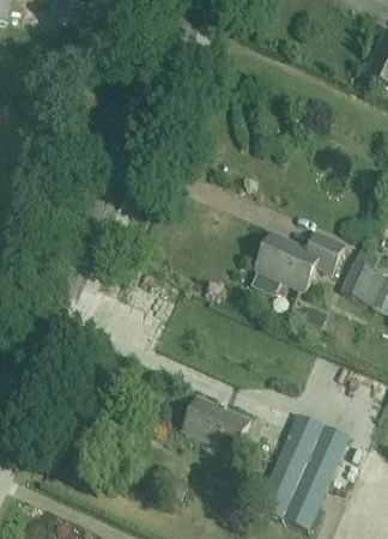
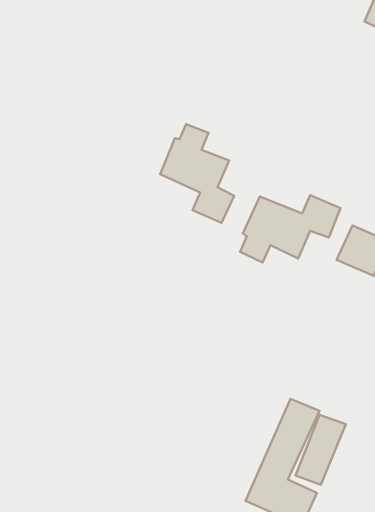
building: none -> [160,124,234,223]
building: [187,395,250,452] -> none

